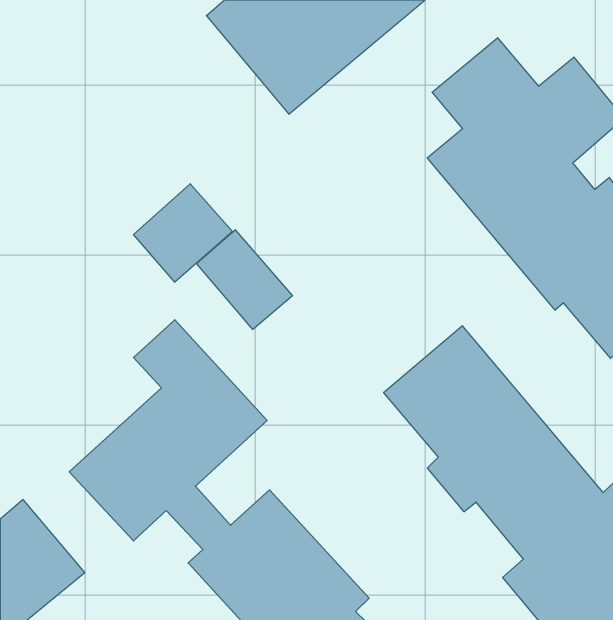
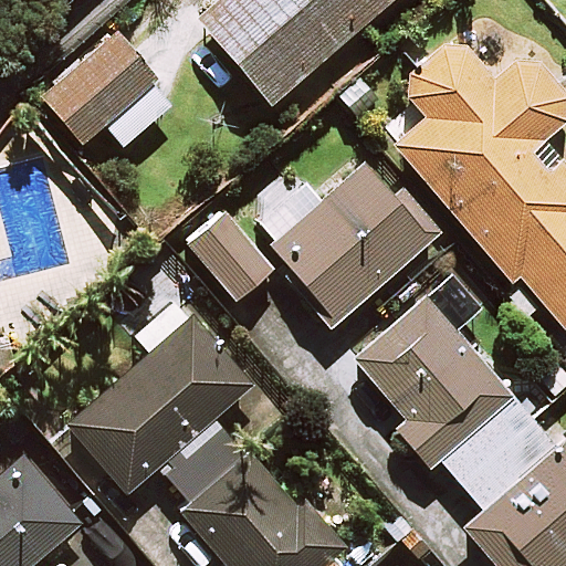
building: none -> [41,34,174,146]
building: none -> [250,165,440,323]
building: [134,184,233,282] -> none

